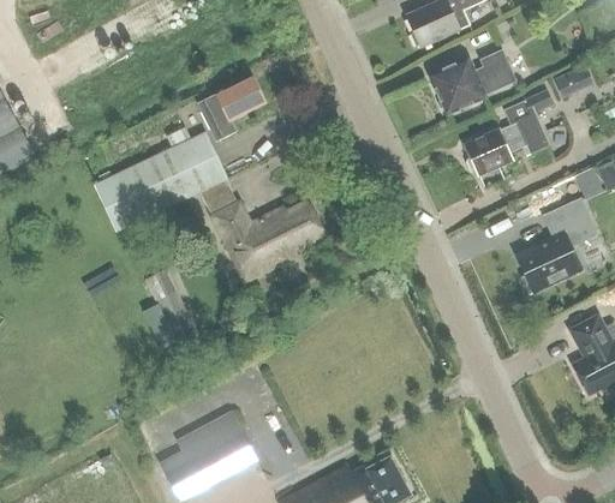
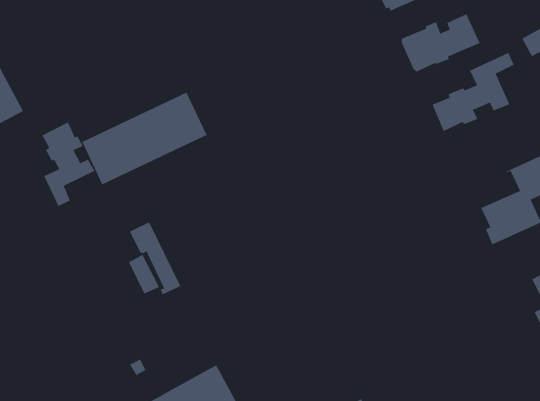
building: [197,77,265,140] -> none
building: none -> [41,121,95,207]
building: [199,178,323,280] -> none

